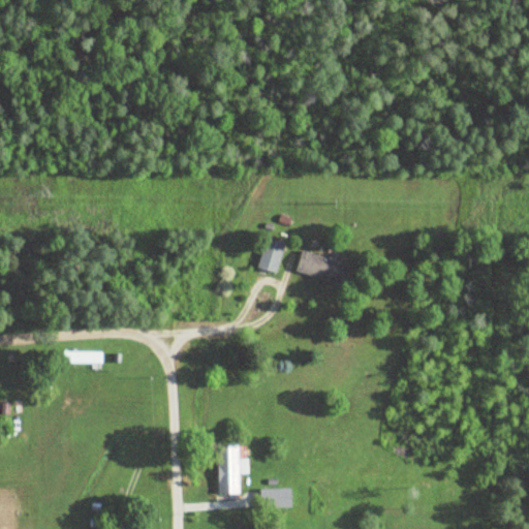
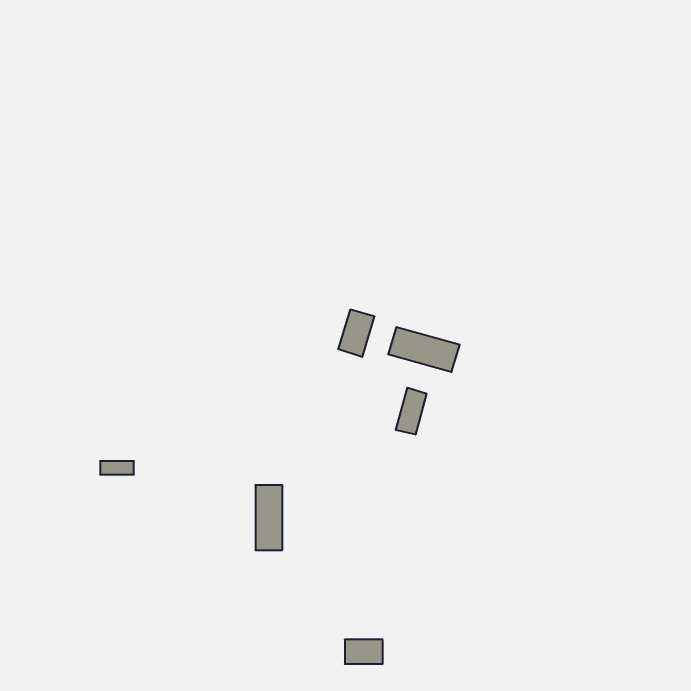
building: none -> [396,388,426,435]
building: [219,443,240,493] -> [255,485,282,550]

